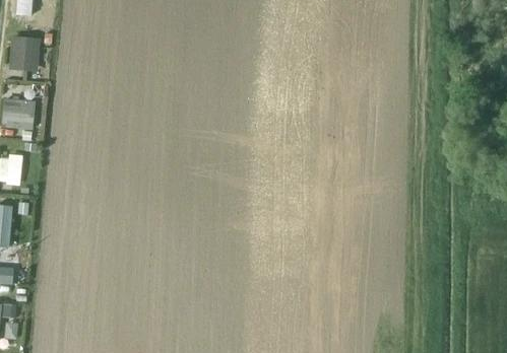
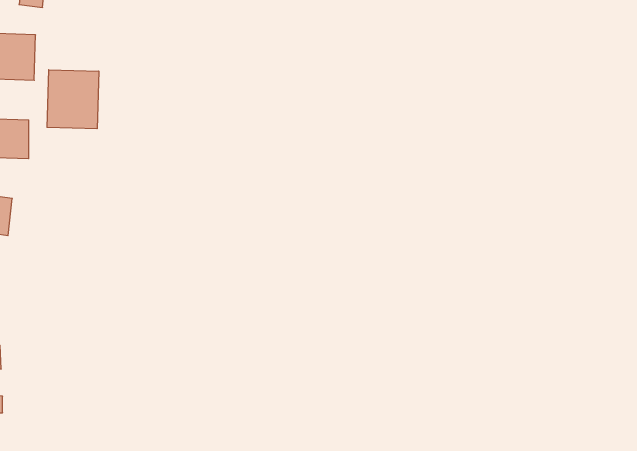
building: none -> [47,70,99,129]

